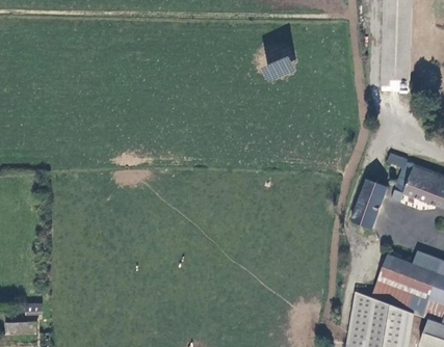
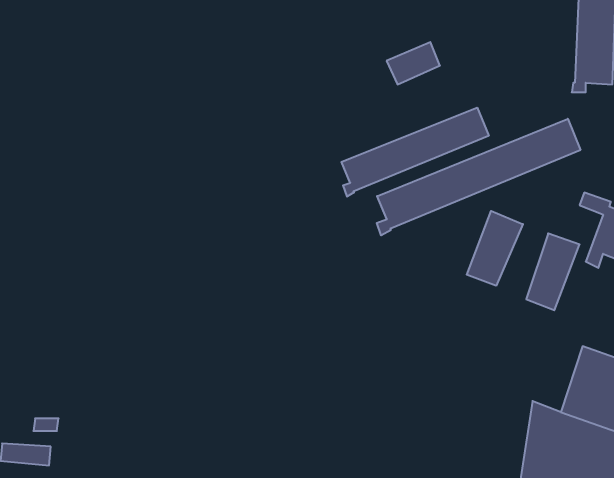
building: none -> [341,108,489,197]
building: none -> [377,119,580,235]
building: none -> [467,211,523,286]

